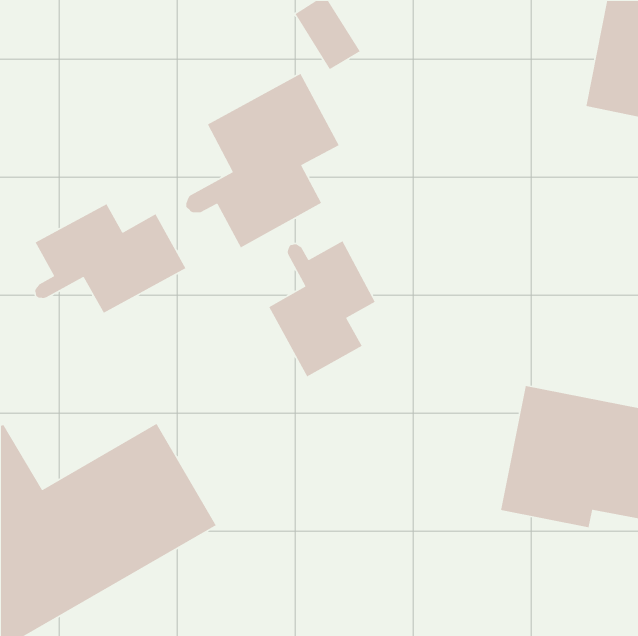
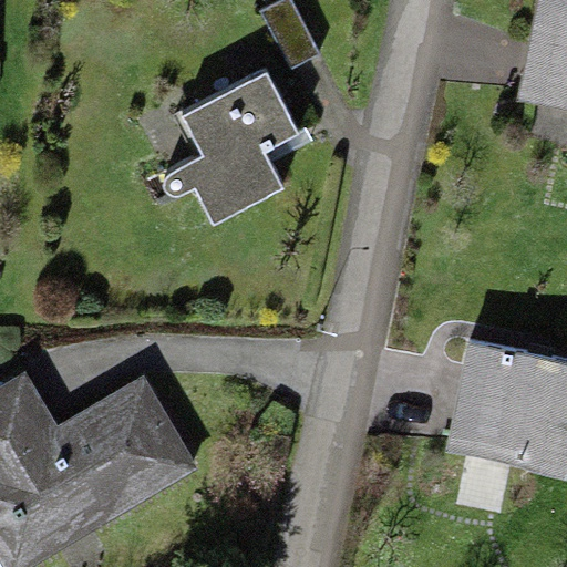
building: [35,203,187,314] -> none
building: [268,240,376,377] -> none

